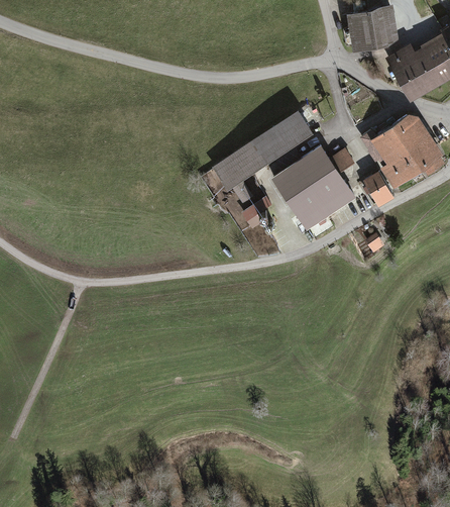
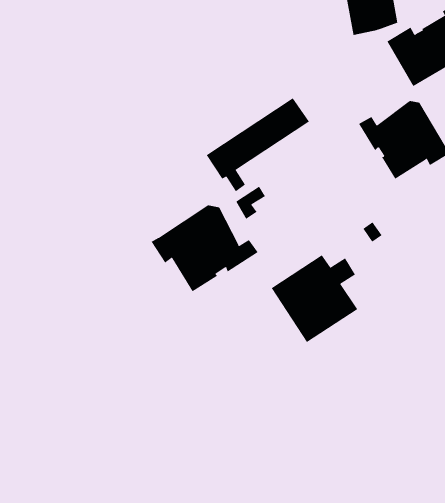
building: [272,144,356,229] -> [271,254,358,343]
building: [362,171,396,208] -> none
building: none -> [151,204,259,292]

